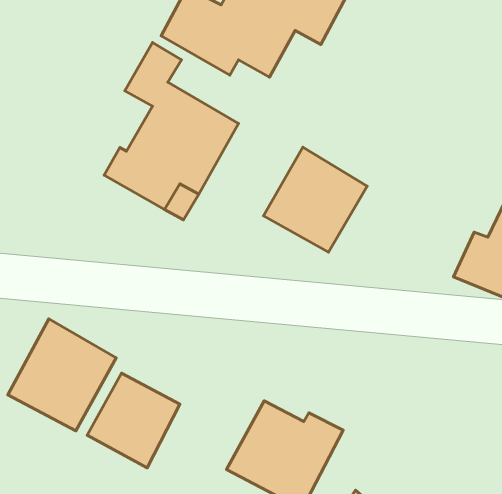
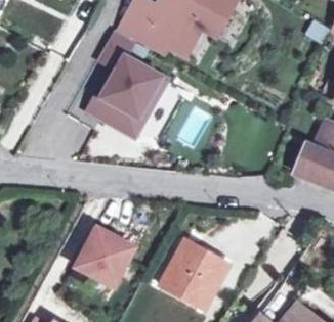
building: [264,147,367,252] -> none
building: [8,319,116,431] -> none

